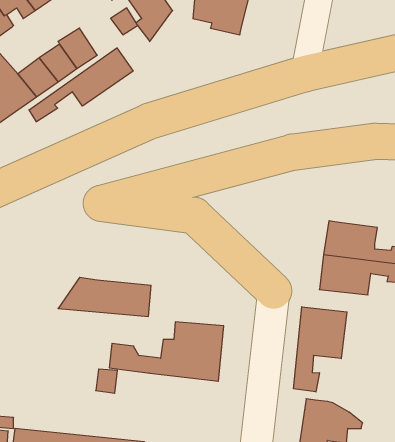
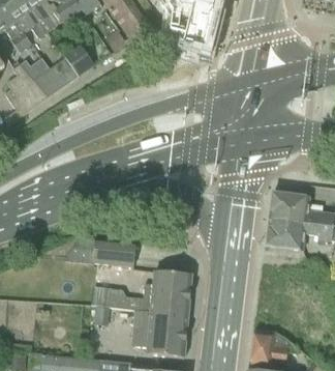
building: [29,48,133,122] -> none
building: [294,307,347,392] -> none
building: none -> [132,309,188,356]

